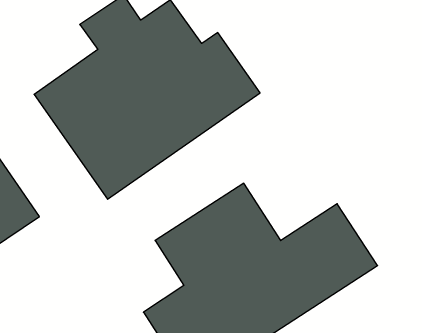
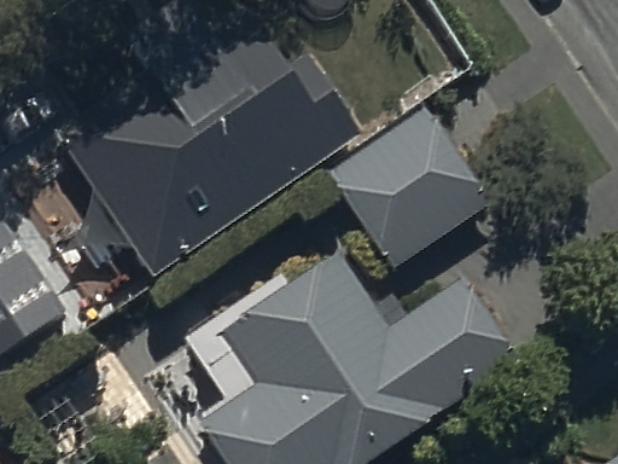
building: none -> [326,108,488,269]

